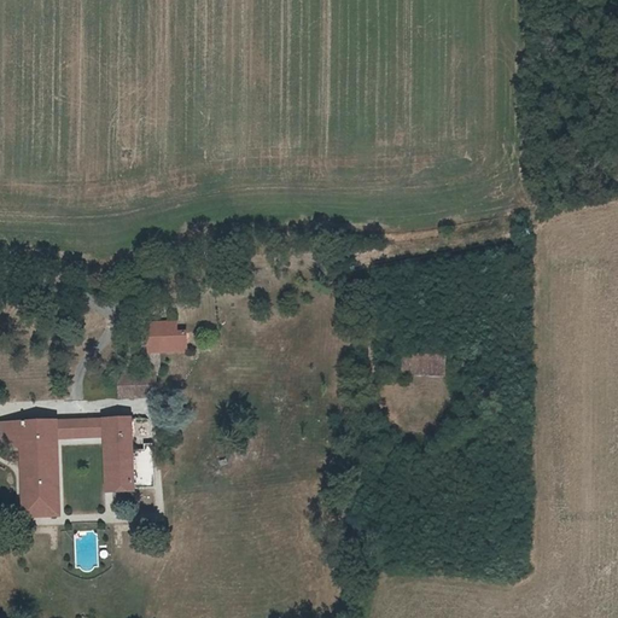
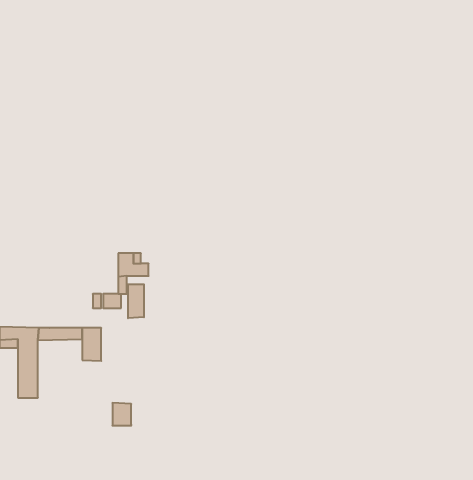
building: none -> [128,284,144,318]
building: [105,460,129,489] -> [112,403,131,426]

